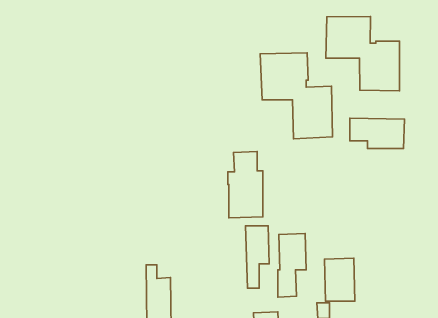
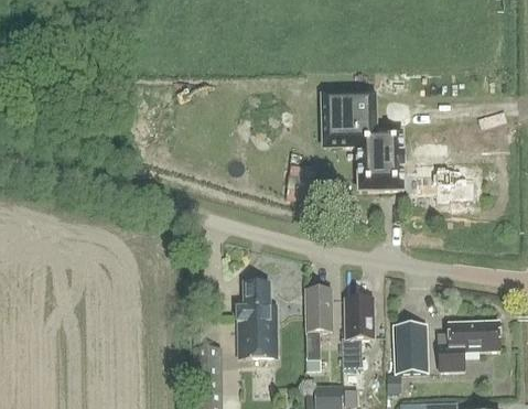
building: [326,16,399,91] -> none
building: [228,151,263,218] -> [236,282,276,357]
building: none -> [439,320,499,370]

